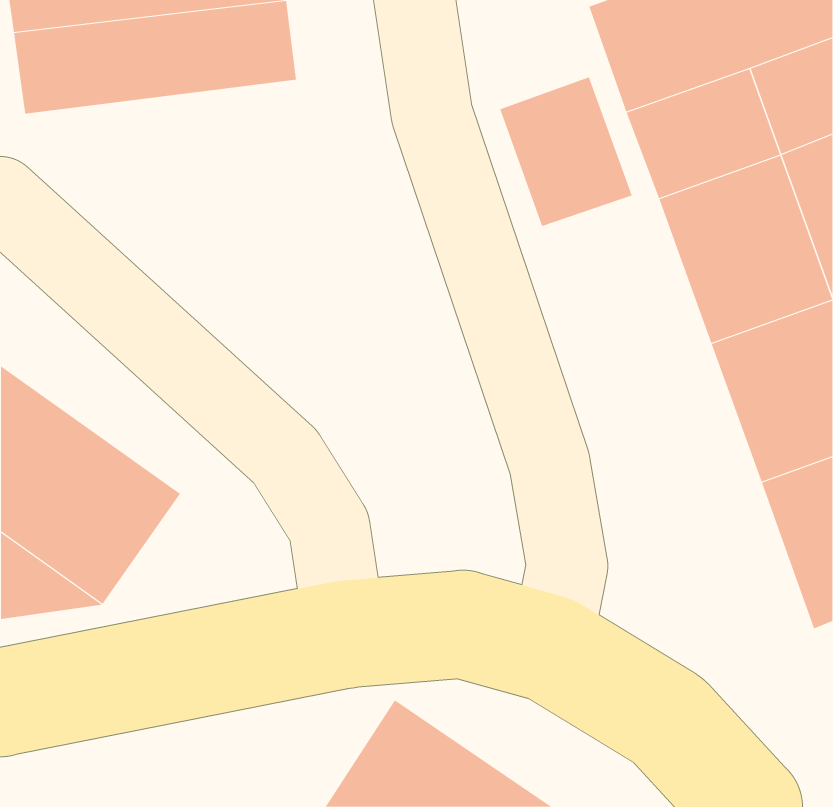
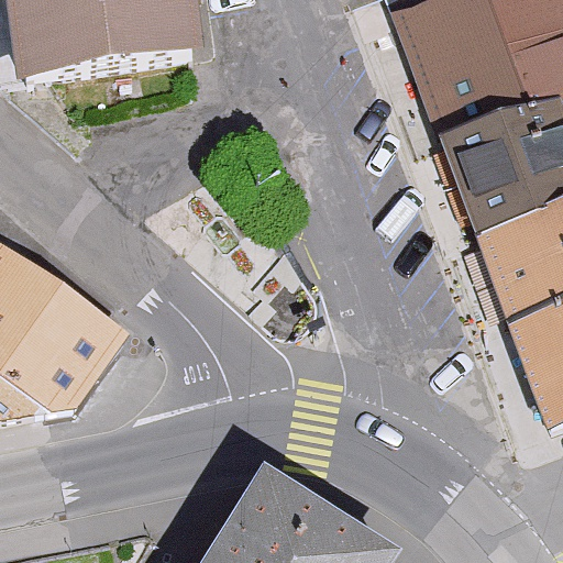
building: [500,77,632,227] -> none

